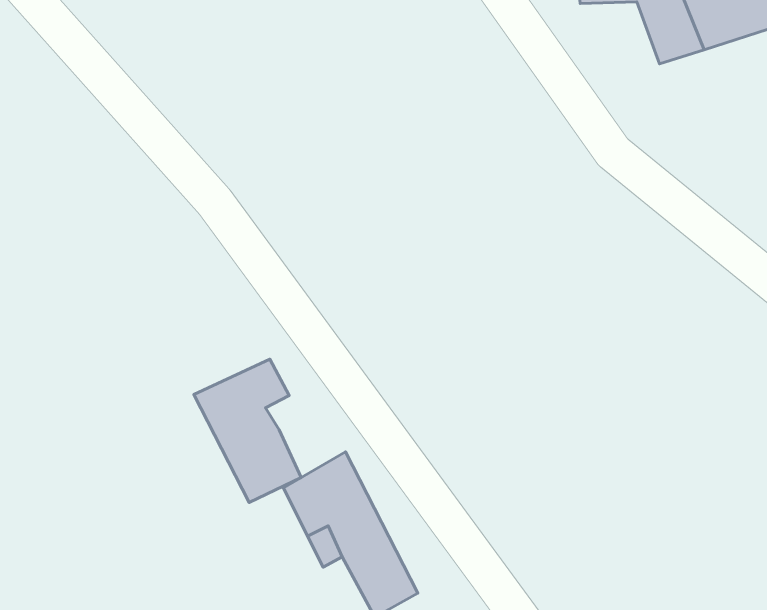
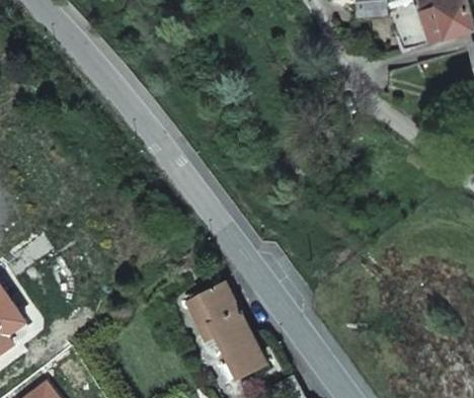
building: [194,359,301,503] -> none

